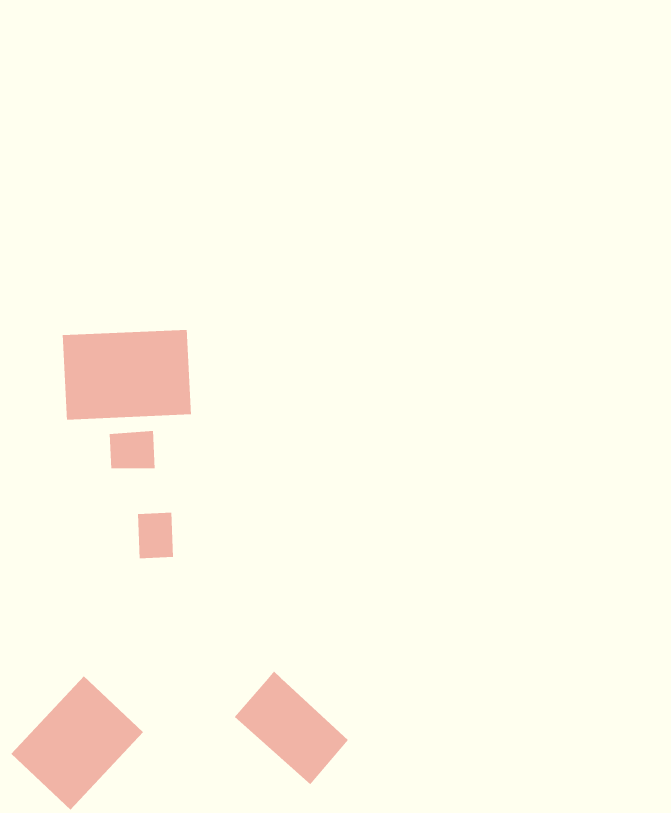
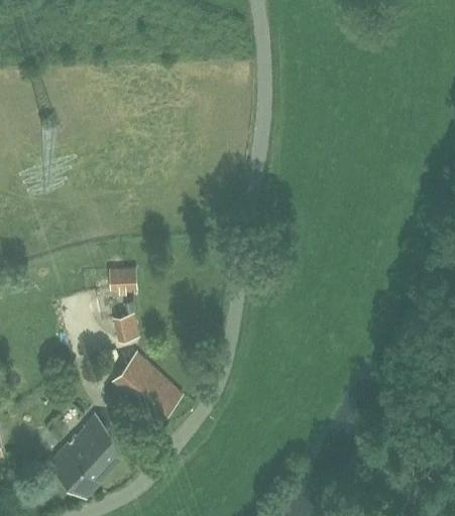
building: [62,329,191,420] -> none
building: [234,670,349,785] -> [111,353,181,422]

